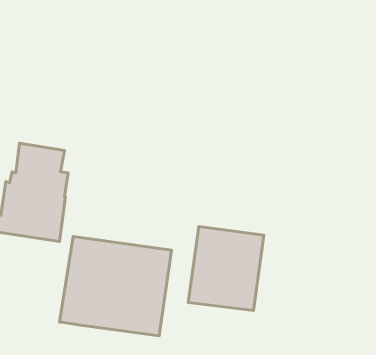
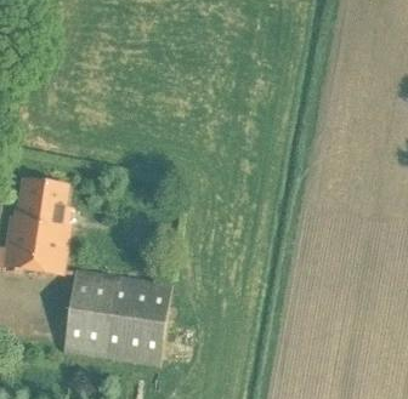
building: [188,226,264,310] -> none

